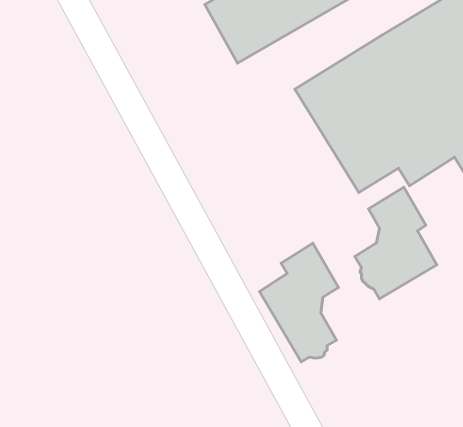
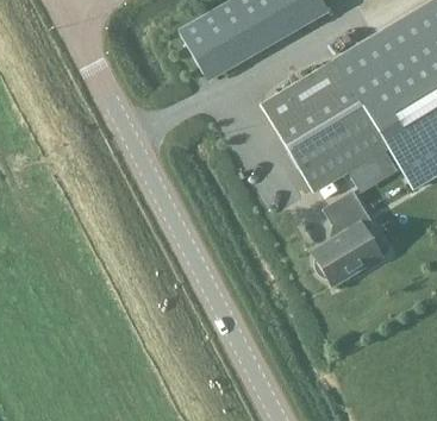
building: [259,243,339,362] -> none

